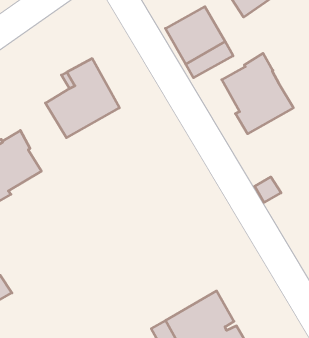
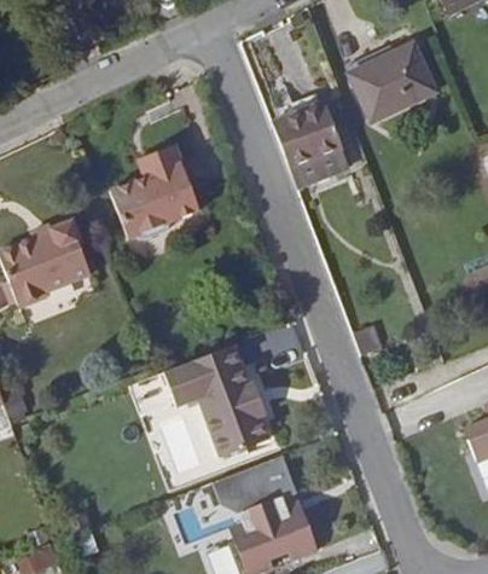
building: [222,53,293,134] -> none
building: none -> [163,346,269,458]

